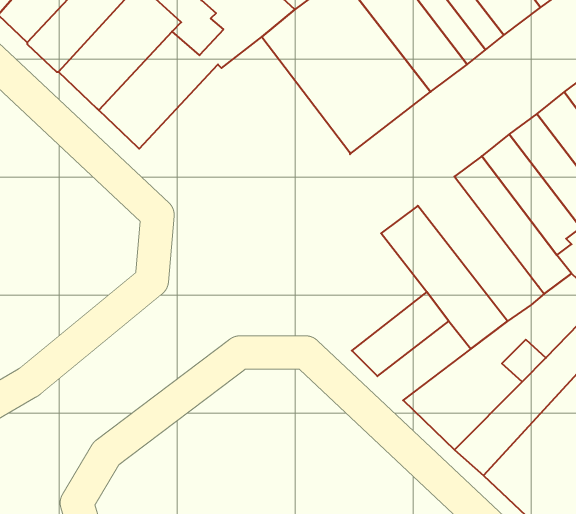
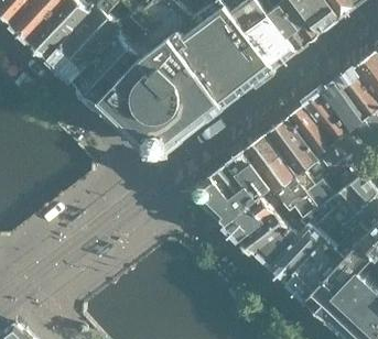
building: none -> [98,35,225,151]
building: none -> [266,119,338,206]
building: none -> [194,153,271,223]
building: none -> [241,206,298,253]

